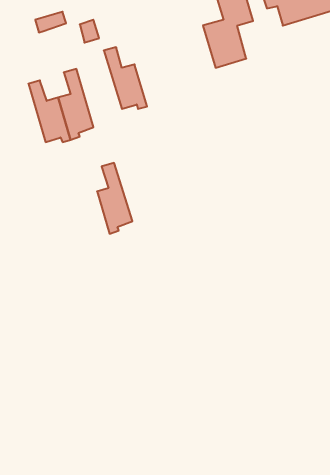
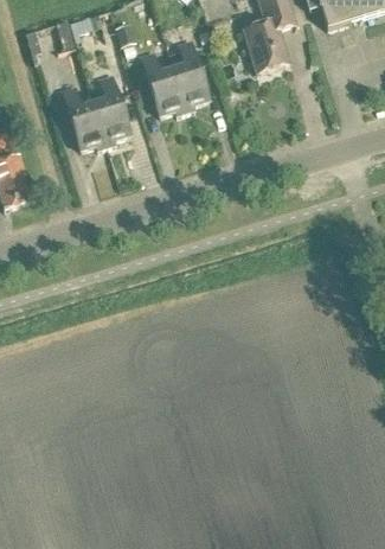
building: [97,163,132,234] -> [173,39,210,113]

